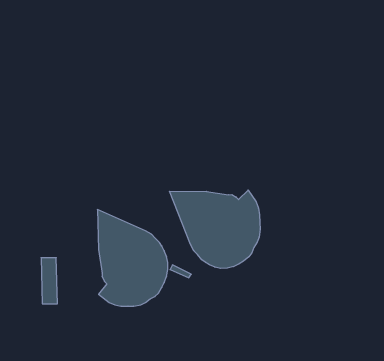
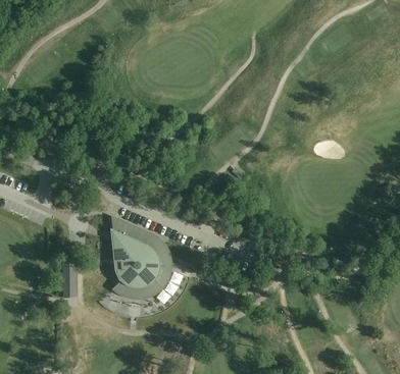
building: [170,190,260,268] -> none

